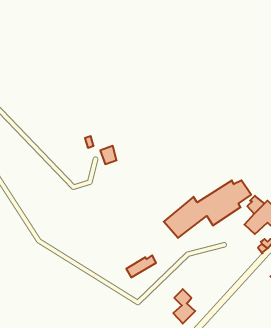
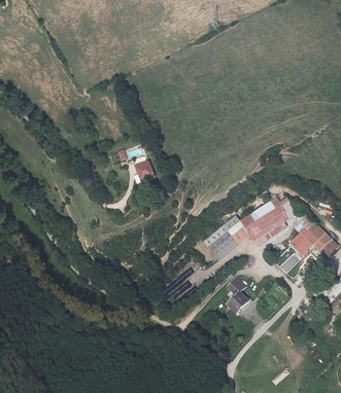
building: [173,289,195,324] -> [227,278,250,315]

